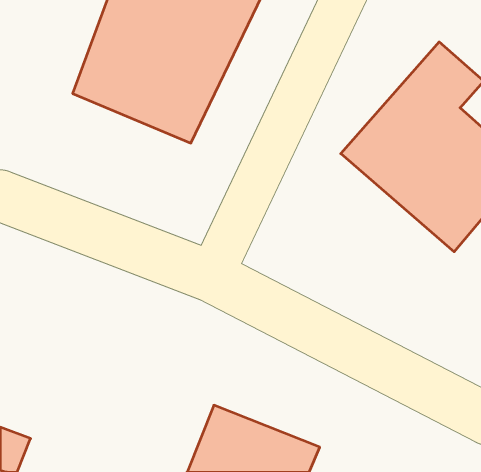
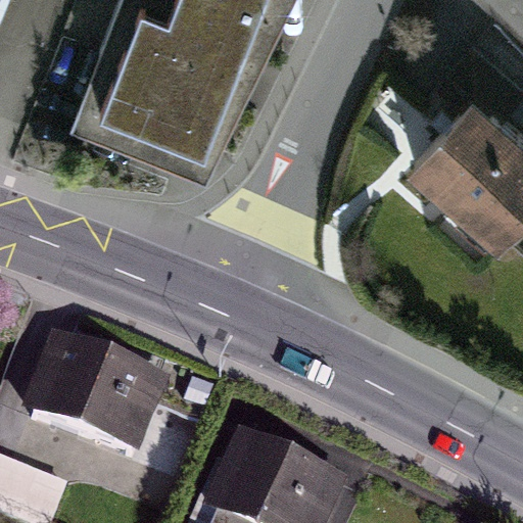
building: none -> [18,329,176,456]

